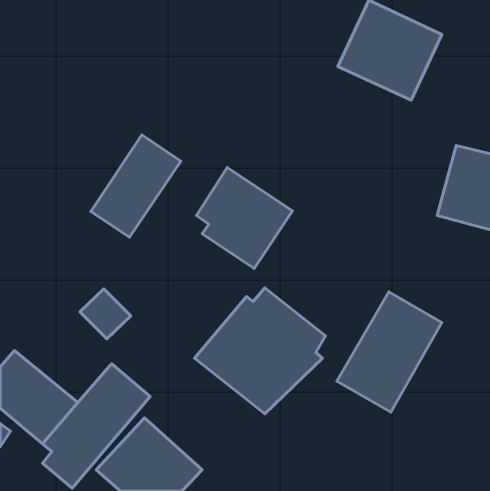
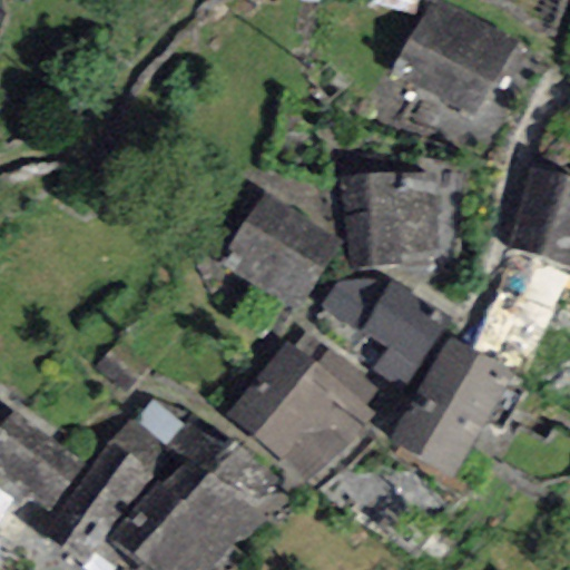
building: [91,135,181,237] -> none
building: none -> [342,170,449,269]
building: none -> [323,278,450,393]
building: none -> [169,435,286,549]

